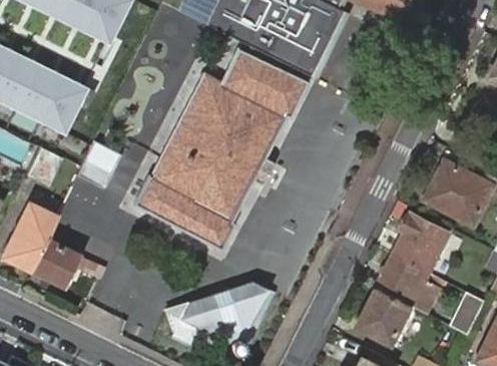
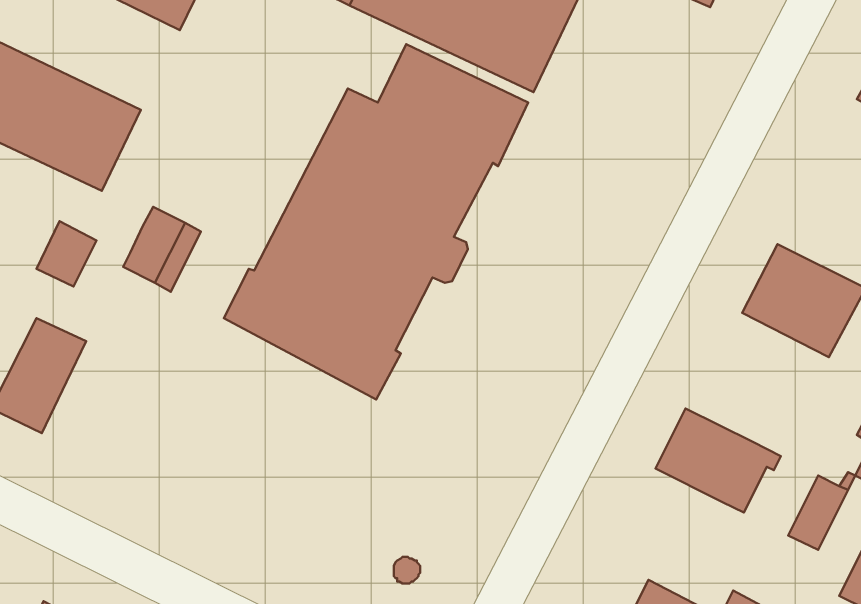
building: [395,214,448,274] -> none
building: [30,240,76,285] -> none
building: [164,280,275,351] -> none
building: [362,289,416,346] -> none

